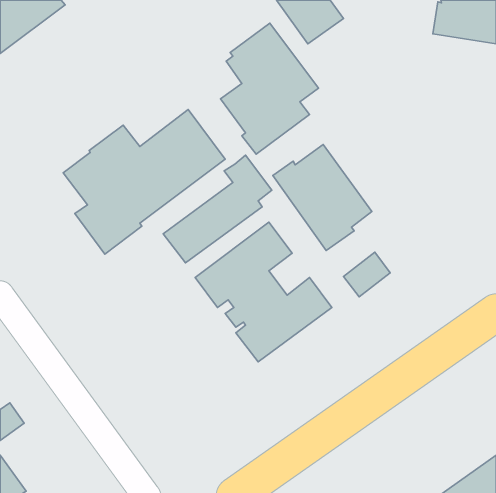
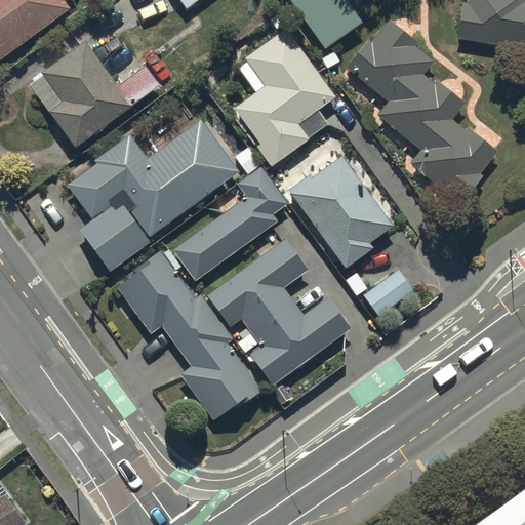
building: none -> [341,19,498,205]
building: none -> [30,40,158,148]
building: none -> [115,251,261,420]

